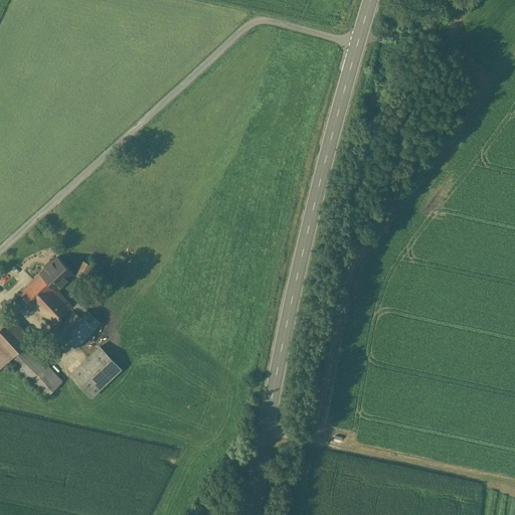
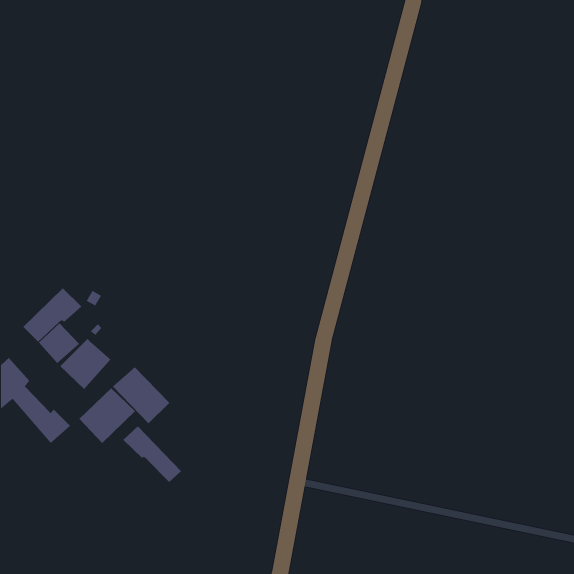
building: none -> [112,366,170,424]
building: none -> [122,426,182,483]

